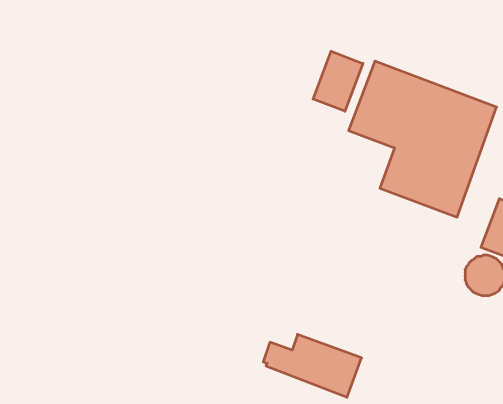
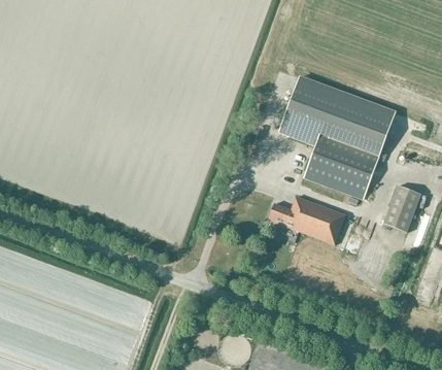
building: [313,51,363,111] -> none
building: [263,334,362,397] -> [269,195,346,244]

